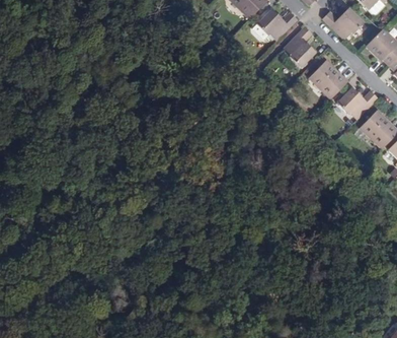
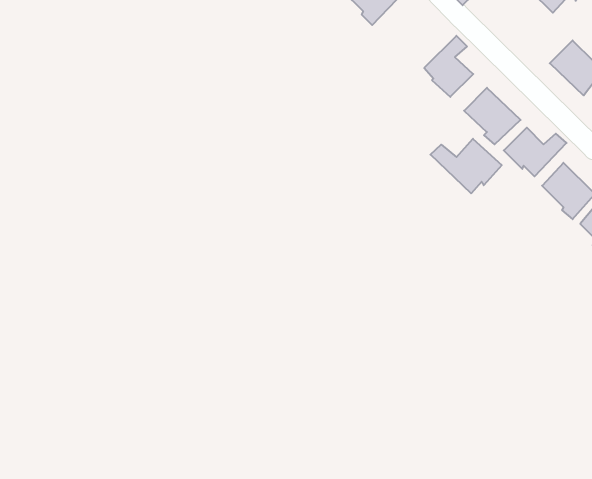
building: [322,8,364,40] -> none
building: [256,9,297,41] -> none
building: none -> [430,139,502,193]

